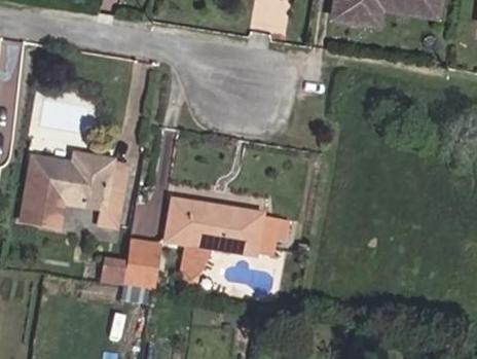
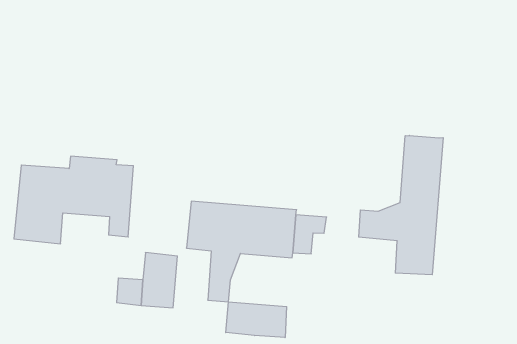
building: none -> [359,135,443,275]
building: none -> [226,302,287,338]

